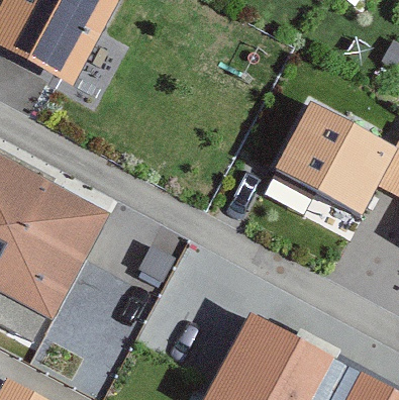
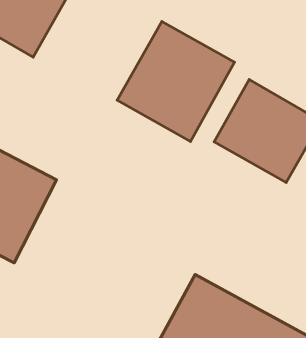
building: none -> [117,22,234,142]

